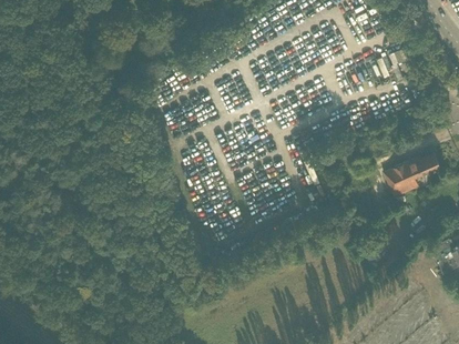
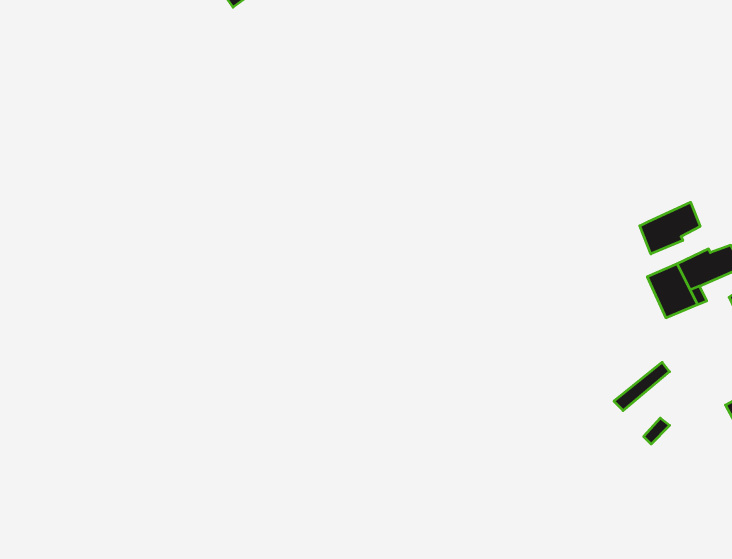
building: none -> [640,202,700,254]

